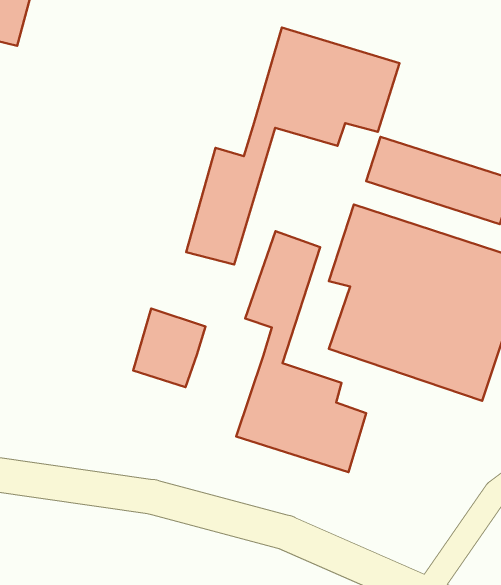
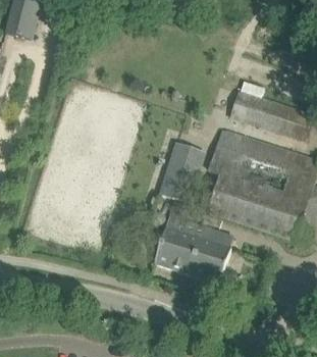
building: [186,27,400,265] -> none
building: [133,309,205,387] -> none

